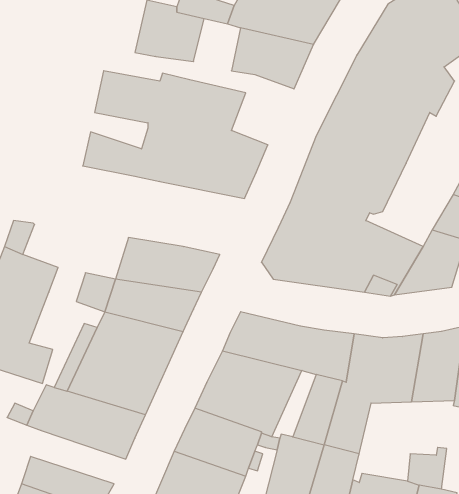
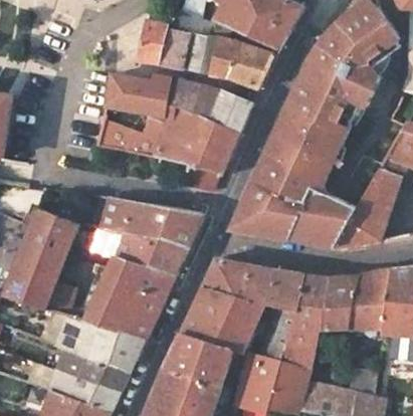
building: none -> [182,32,218,72]
building: none -> [211,89,251,130]
building: none -> [98,198,132,233]
building: none -> [56,350,130,391]

